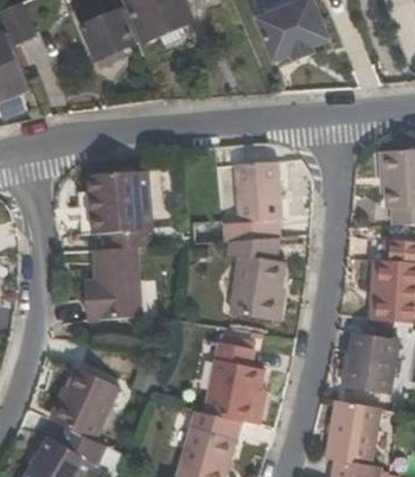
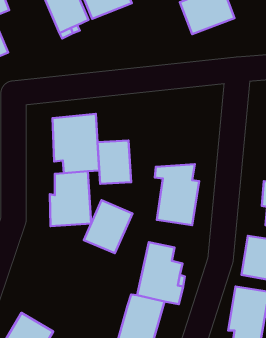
building: [235,163,280,221] -> [97,141,131,184]
building: [50,369,115,440] -> [84,200,133,253]

